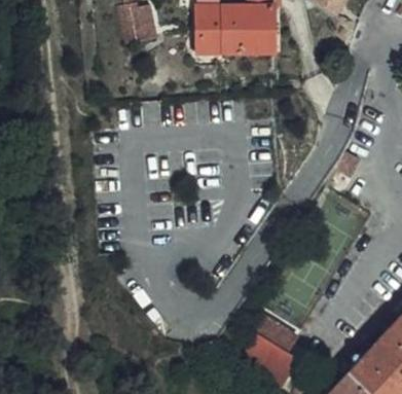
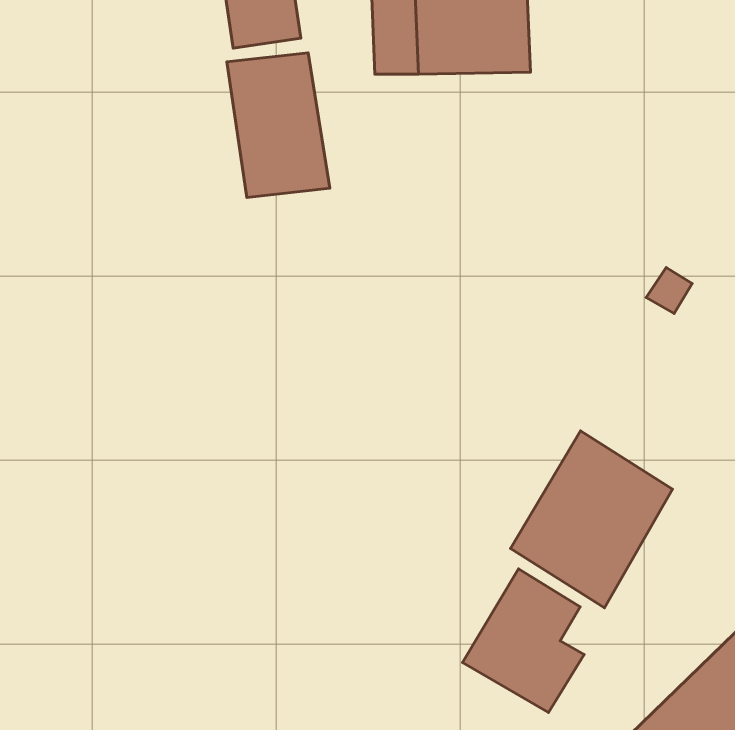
building: none -> [227,53,330,198]
building: none -> [510,431,673,608]

